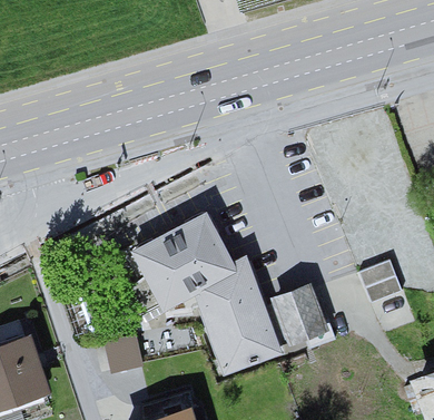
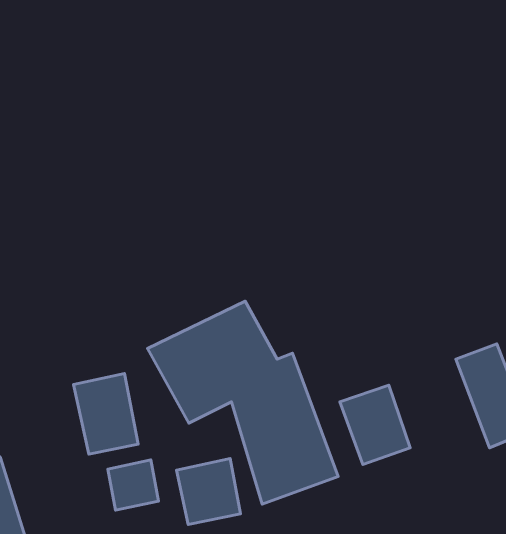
building: none -> [74,373,138,454]
building: none -> [176,459,240,525]

